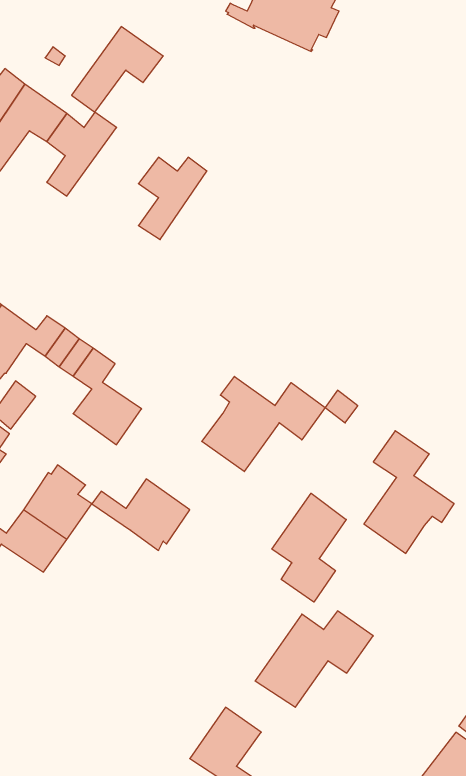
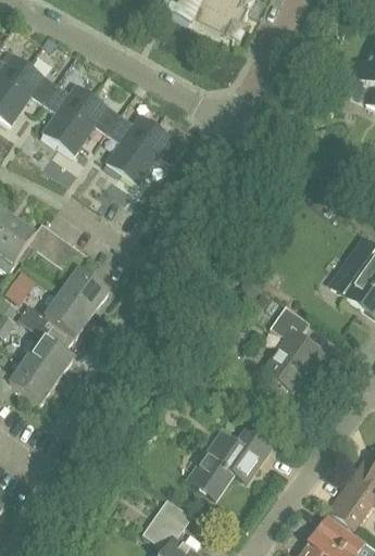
building: [72,27,163,112] -> [57,93,121,153]
building: none -> [122,124,185,184]
building: [202,376,325,472] -> none
building: [92,479,190,550] -> [23,293,91,343]
building: [272,493,346,602] -> none

